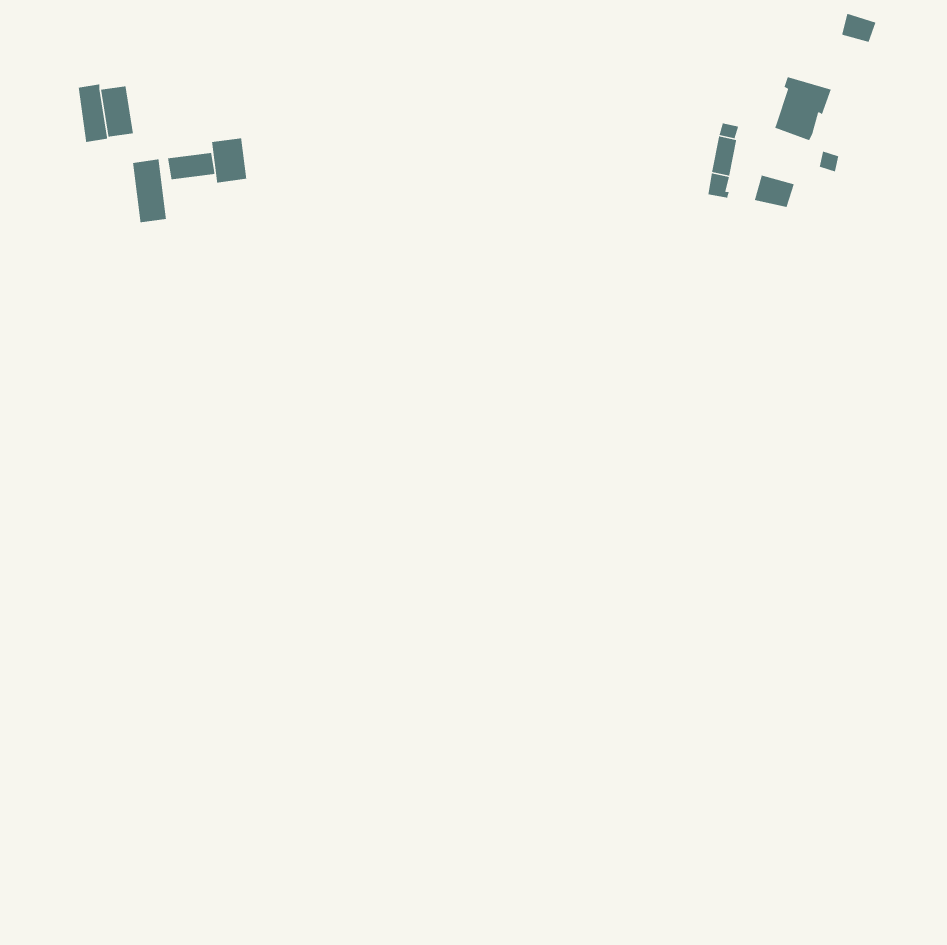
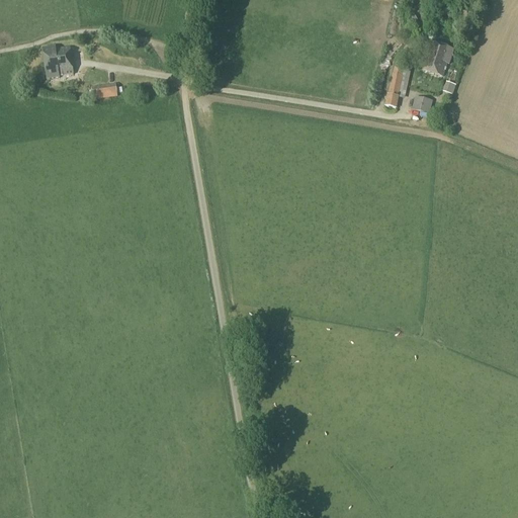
building: [211,138,247,183] -> none
building: [132,159,167,223] -> none

